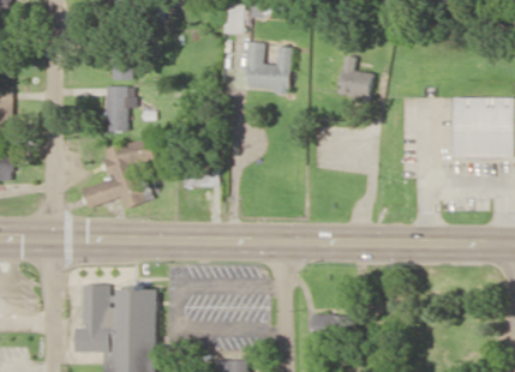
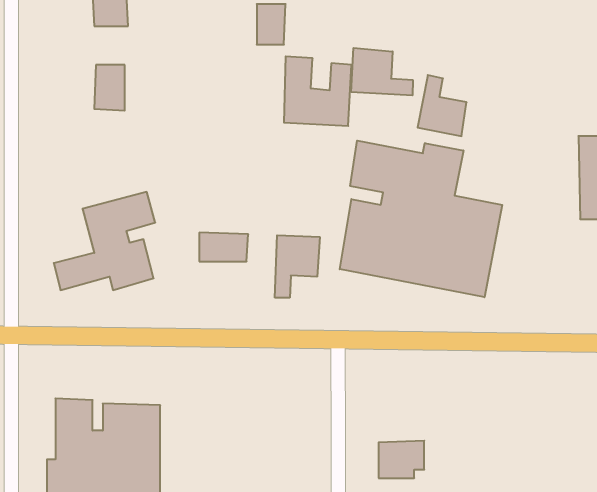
building: none -> [351,48,413,95]
building: [104,86,133,133] -> none
building: none -> [340,141,502,297]
building: none -> [275,235,320,298]

